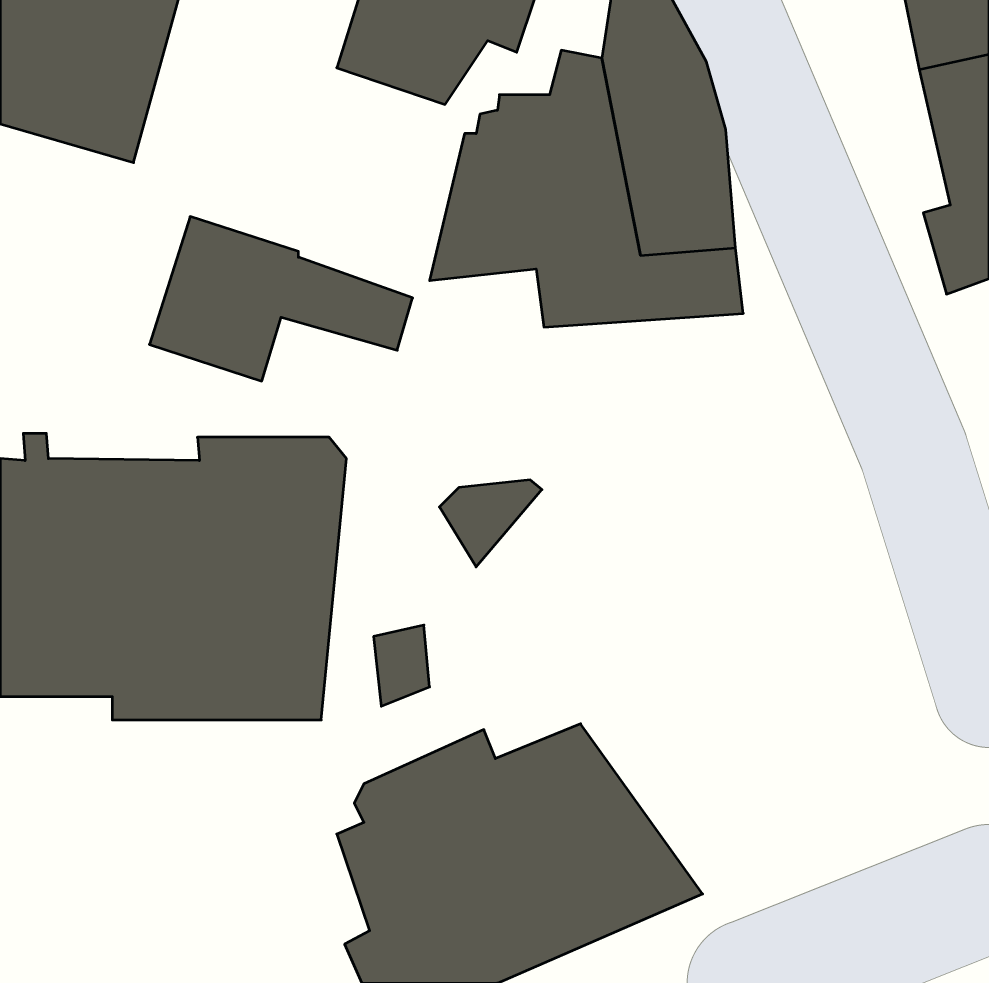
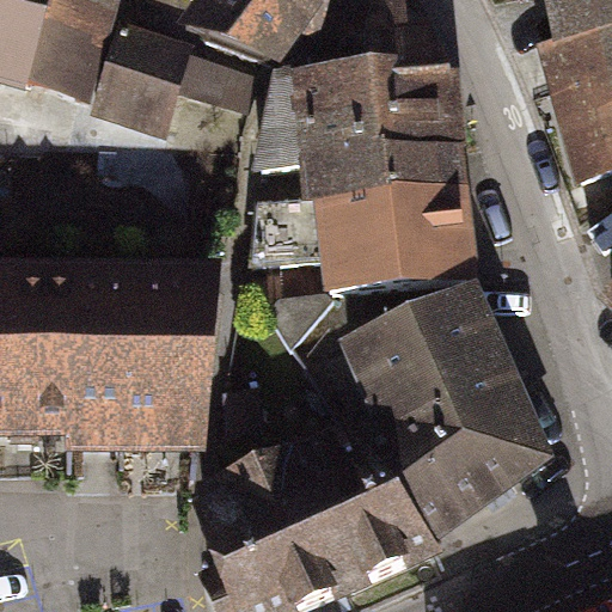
building: [149,217,413,381] -> [99,30,262,131]
building: none -> [255,194,470,295]
building: none -> [353,295,544,552]

